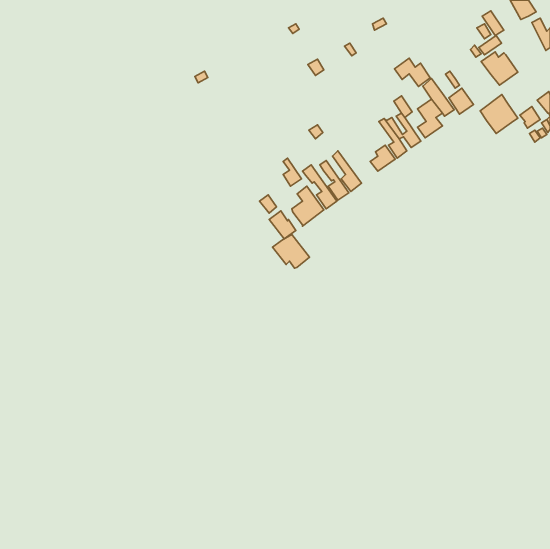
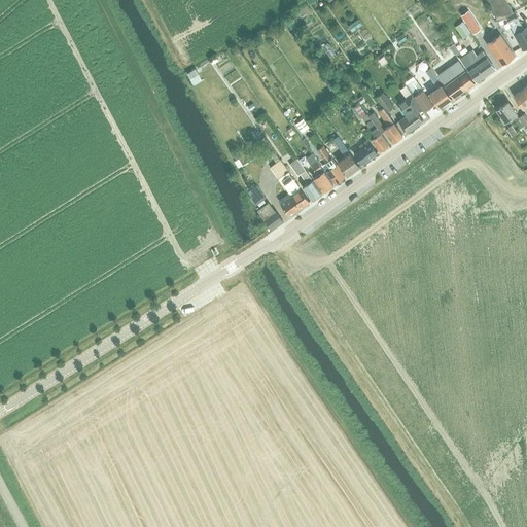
building: none -> [487,36,515,66]
building: [395,58,430,86] -> none
building: [480,95,518,133] -> [438,62,475,99]
building: none -> [332,136,360,176]
building: [272,234,309,268] -> none

